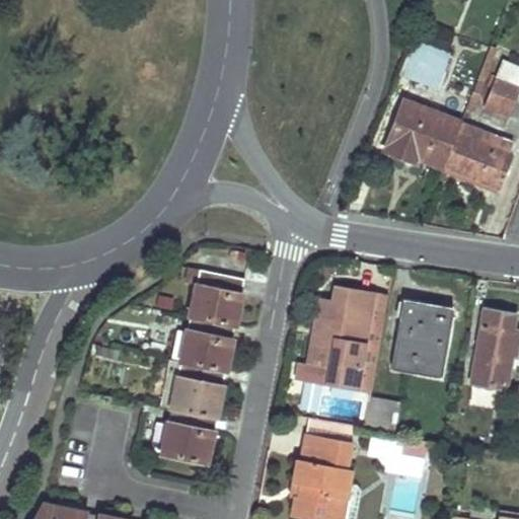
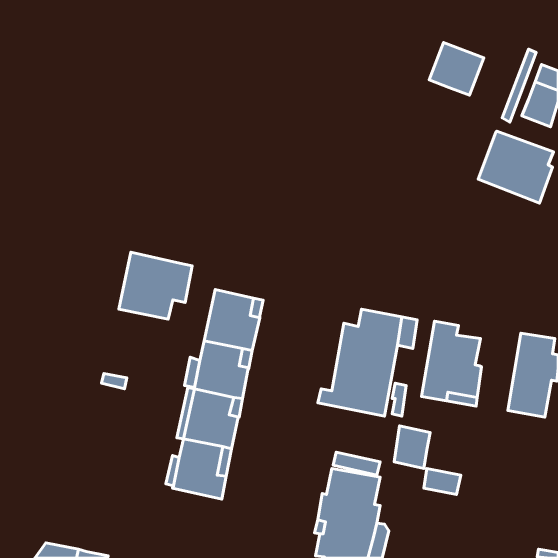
building: [385,100,460,166] -> none
building: none -> [119,252,192,319]

